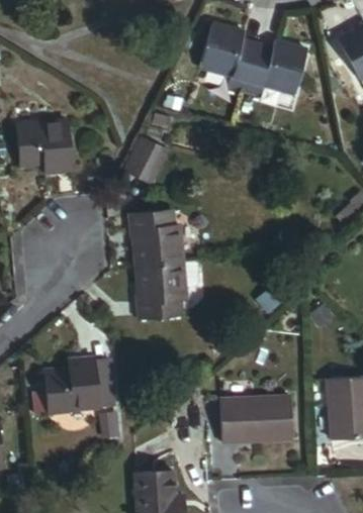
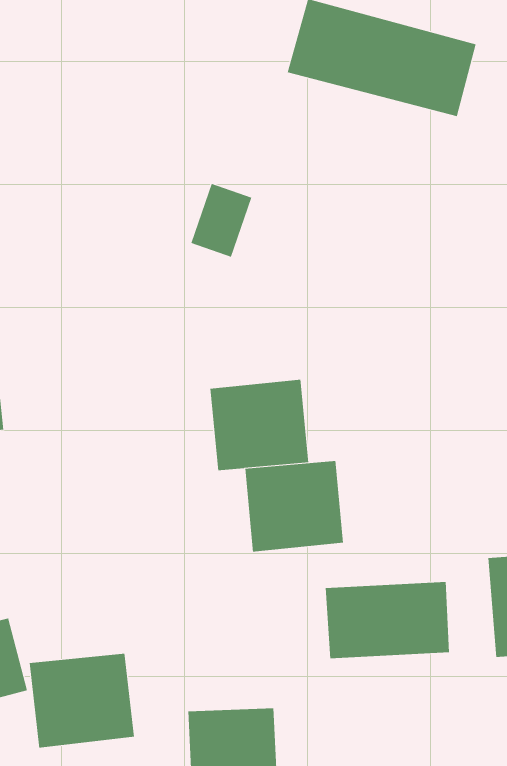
building: [17,121,89,179] -> none
building: [132,209,196,268] -> [244,461,344,552]
building: [40,357,108,418] -> [29,653,135,748]

